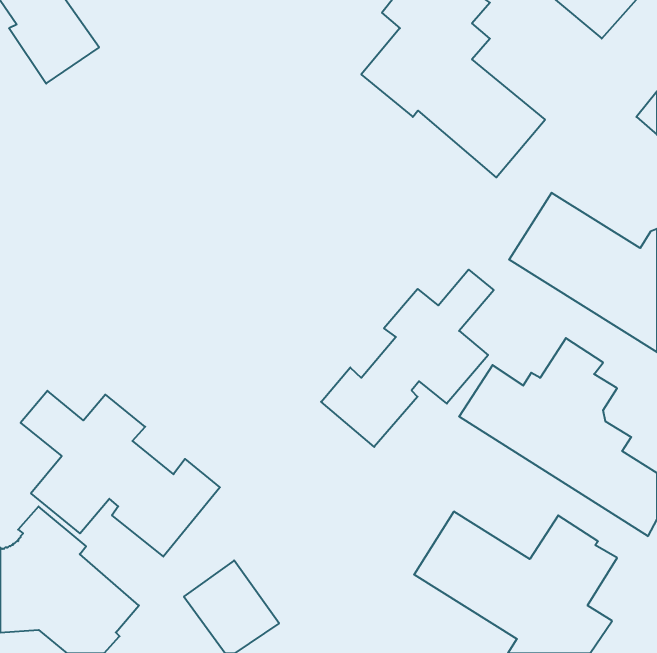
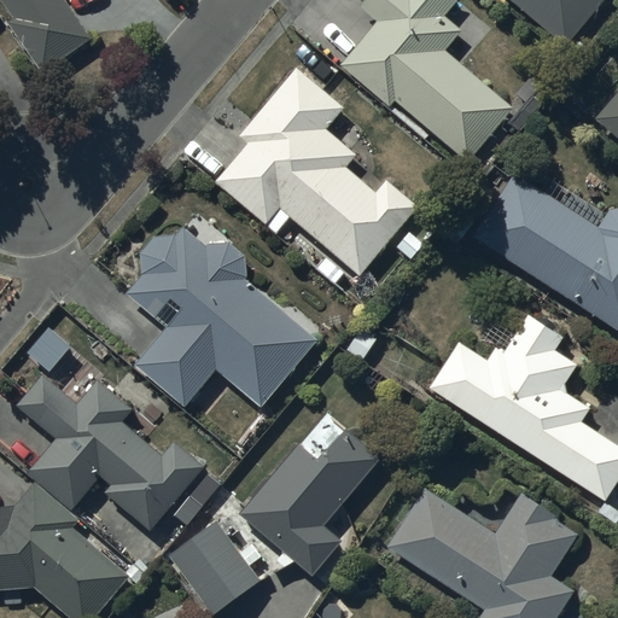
building: none -> [214,68,415,274]
building: none -> [128,229,317,409]
building: [321,270,494,447] -> none
building: none -> [243,427,385,576]

